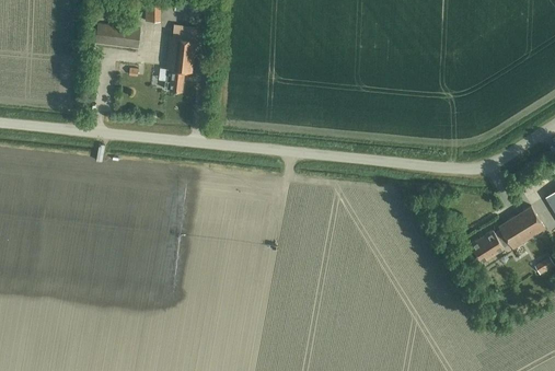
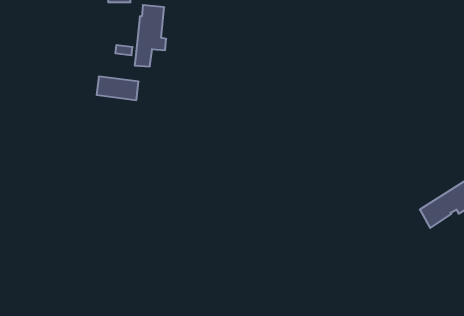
building: [95,25,140,50] -> [97,77,139,100]

